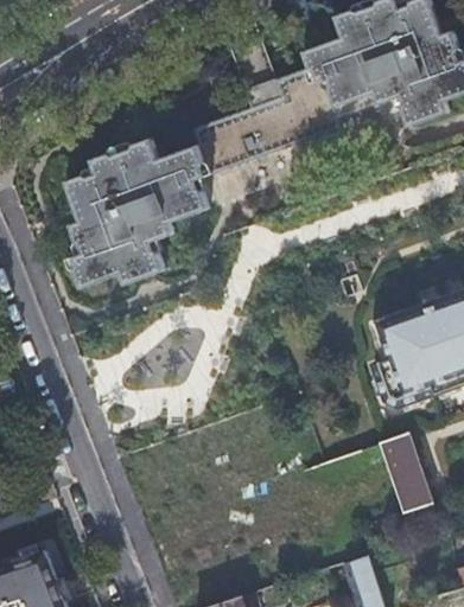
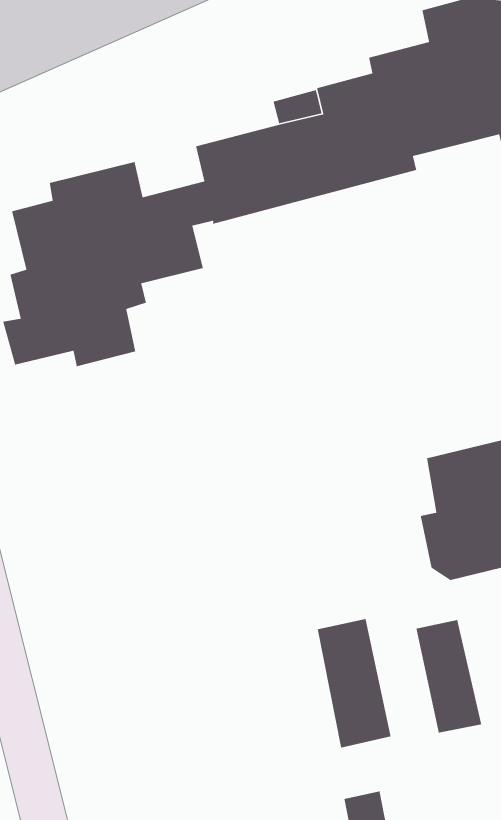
building: none -> [317,618,391,748]

